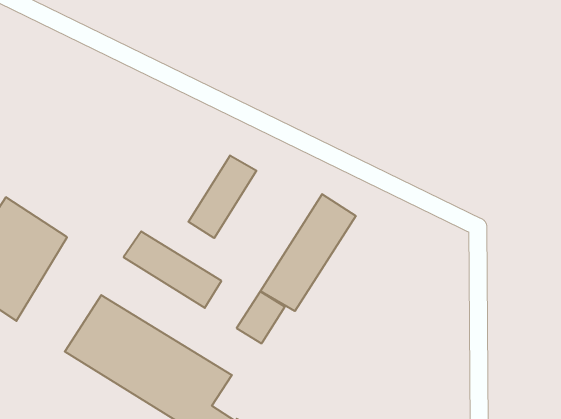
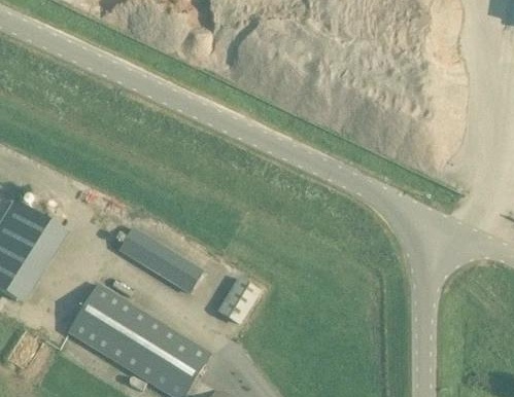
building: [188,155,256,238] -> none
building: [261,194,356,311] -> none

